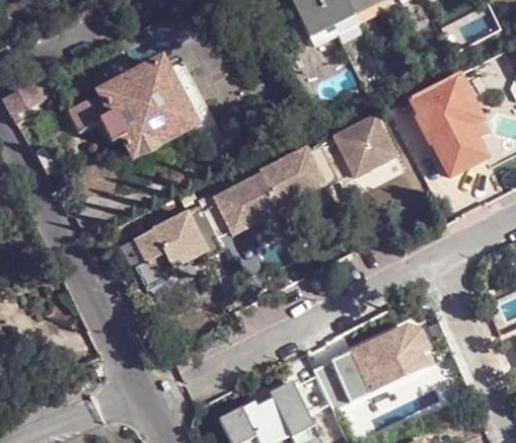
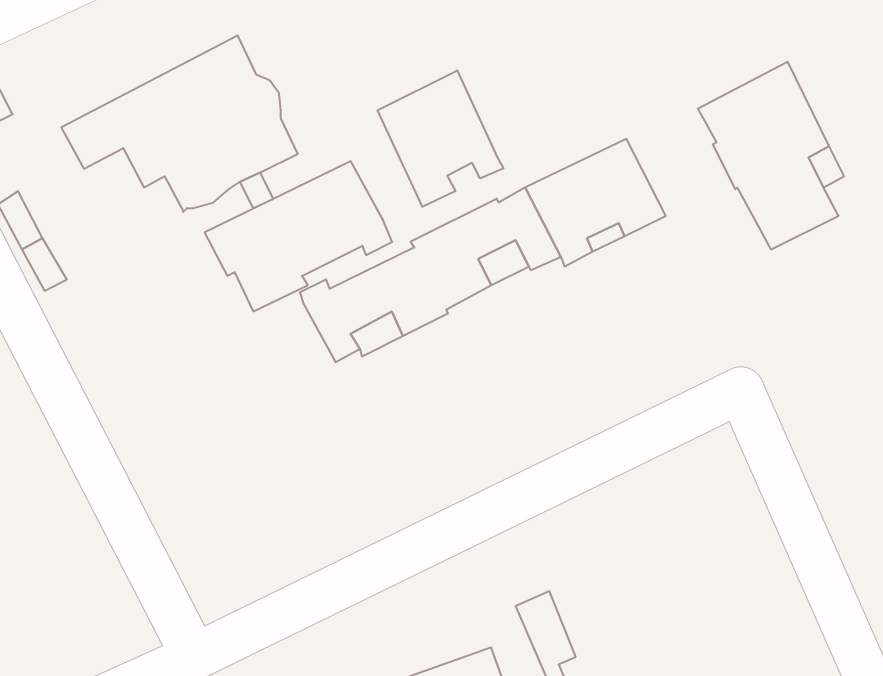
building: none -> [378,70,503,207]
building: [120,204,221,285] -> [205,161,392,311]
building: [350,326,427,393] -> none

